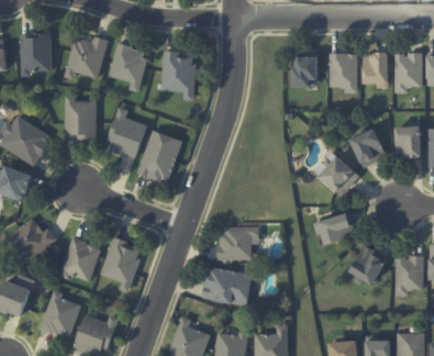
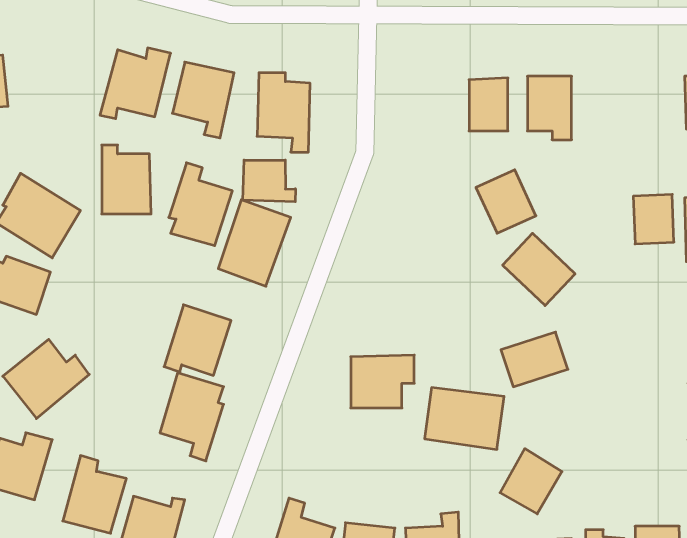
building: [20,33,51,76] -> none
building: [364,53,389,88] -> none
building: [394,53,423,92] -> none
building: none -> [243,160,295,202]
building: [349,129,387,168] -> [476,170,536,233]
building: [59,237,101,281] -> [164,305,231,375]
building: [349,244,388,285] -> [500,449,562,514]
building: [394,256,423,296] -> none
building: [202,267,252,305] -> [425,388,504,449]

